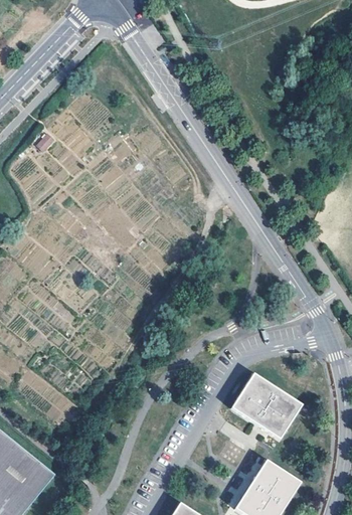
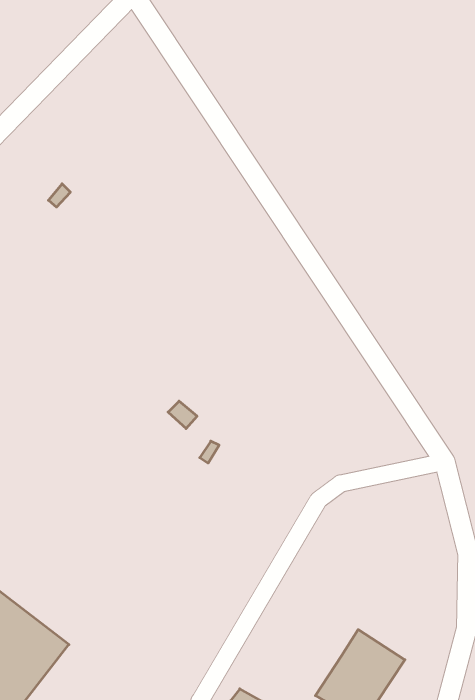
building: [231,374,301,440] -> none

